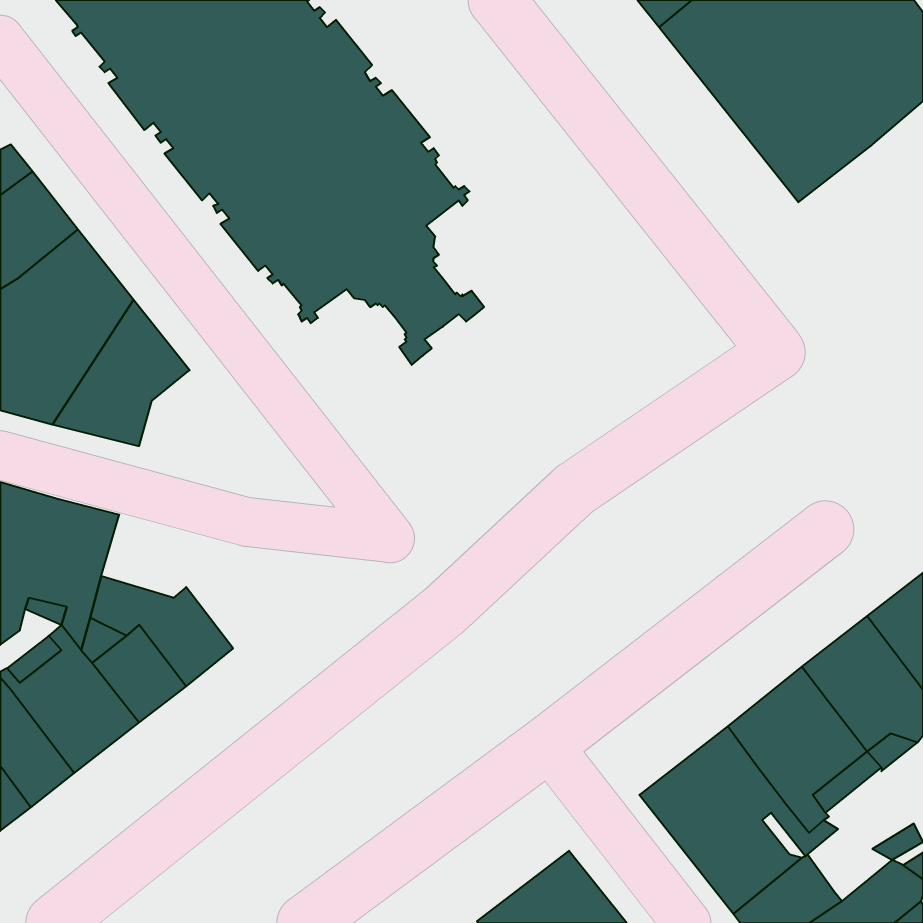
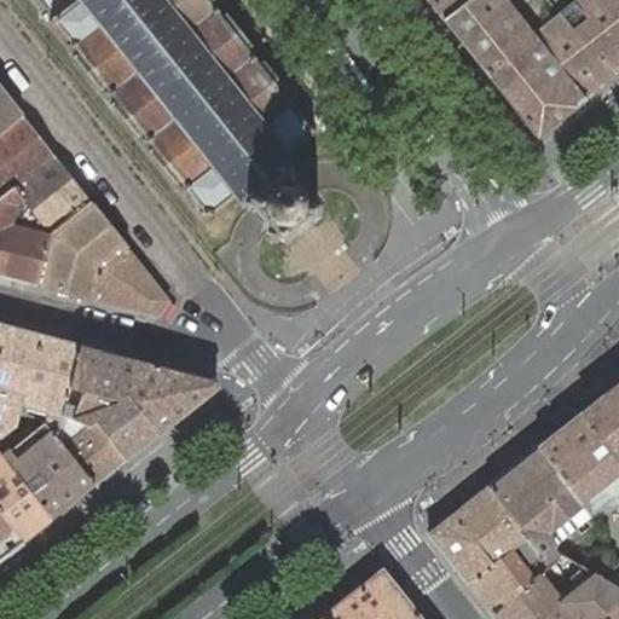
building: none -> [93,248,168,317]
building: none -> [68,345,216,434]

